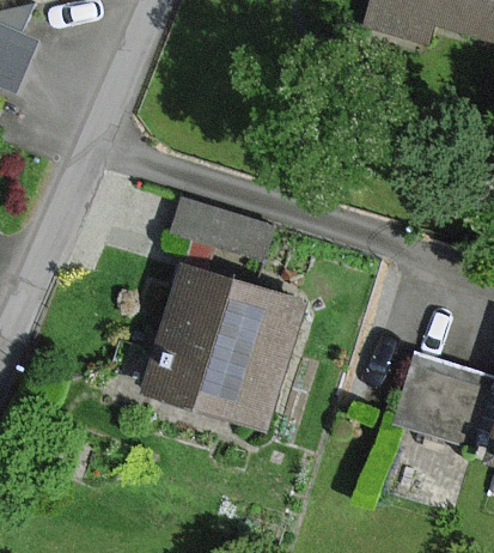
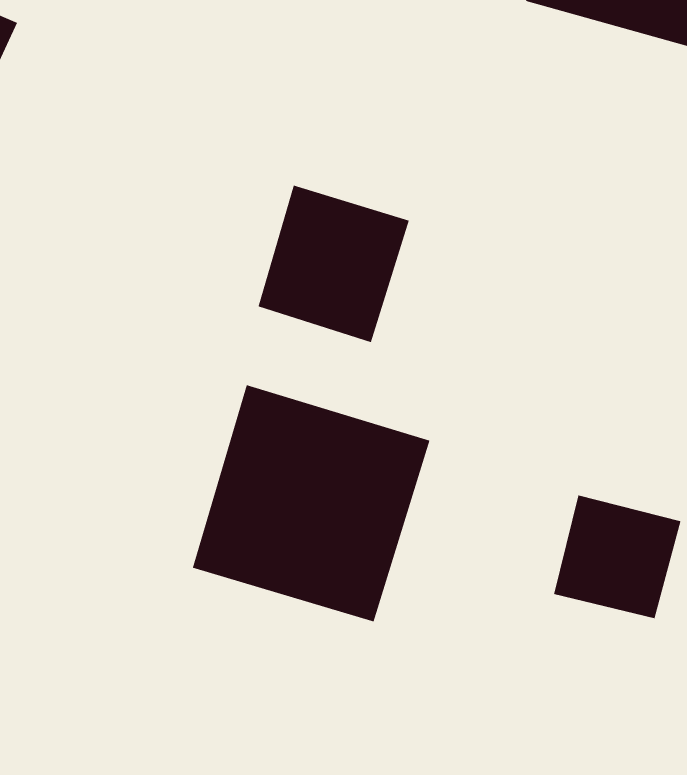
building: none -> [257,185,410,343]

